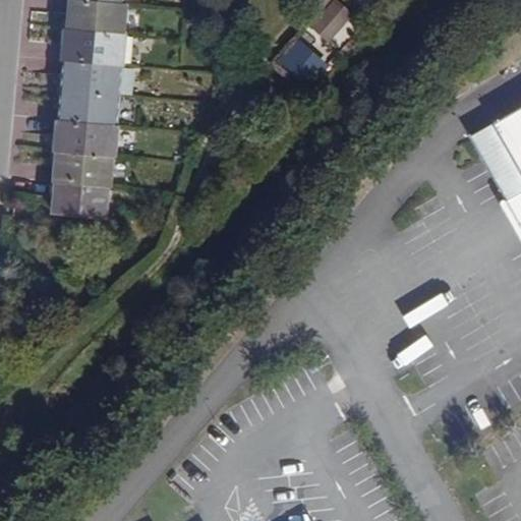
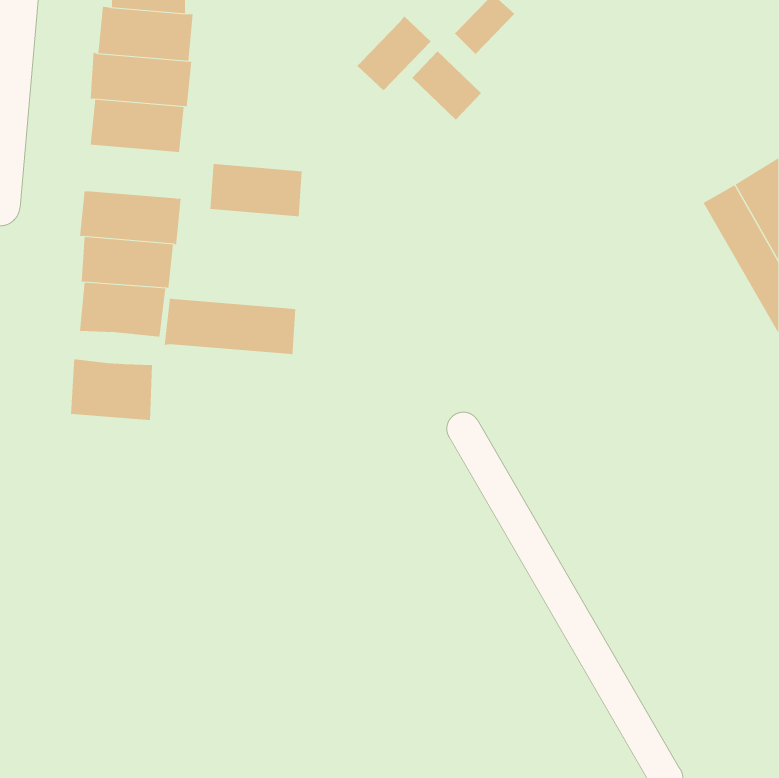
building: none -> [356,16,432,91]
building: [58,97,120,132] -> [210,163,303,217]
building: none -> [164,298,296,355]
building: none -> [70,359,152,421]

